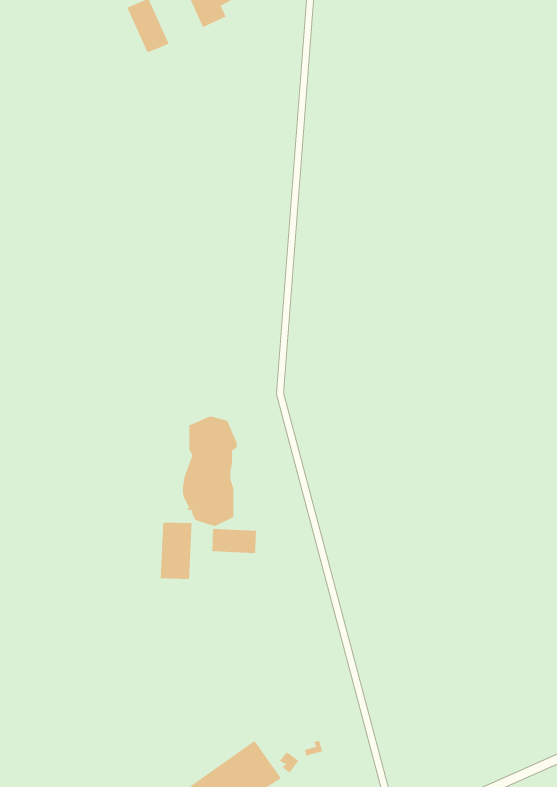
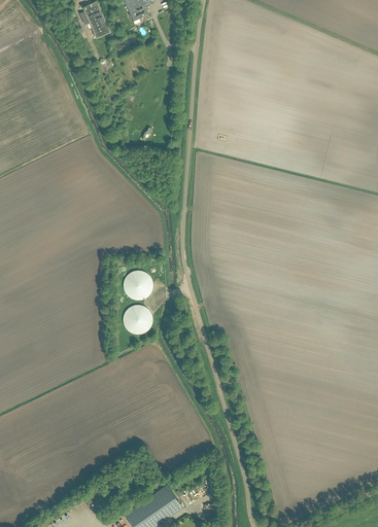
building: [160,522,192,580] -> none
building: [212,528,256,554] -> none

